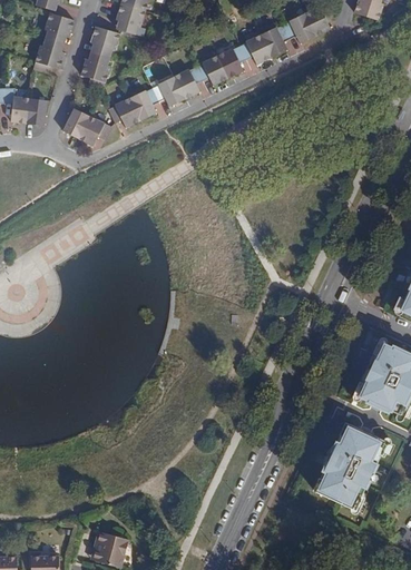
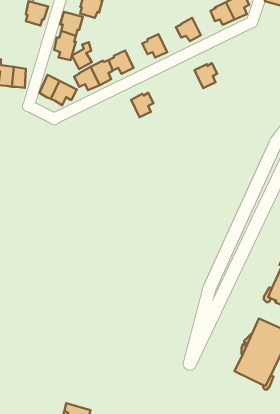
building: [260,24,288,56] -> none
building: [32,38,63,72] -> none
building: [216,46,245,78] -> [195,63,217,88]
building: none -> [72,42,92,69]
building: [173,67,202,98] -> [131,93,153,117]

